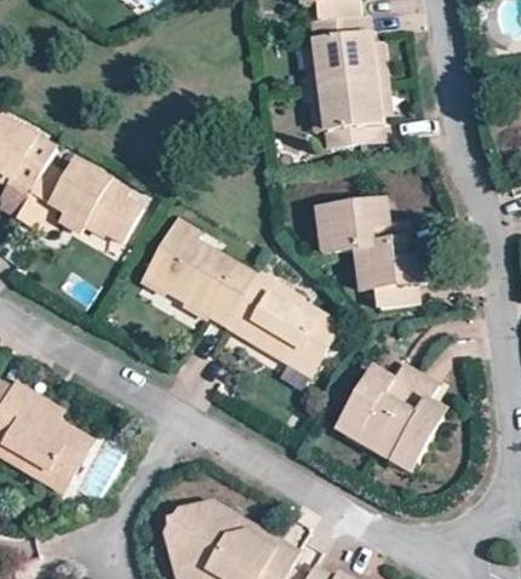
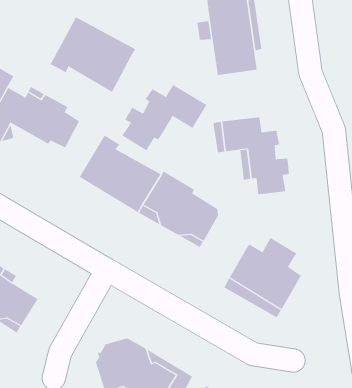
building: none -> [50,16,136,93]
building: none -> [122,84,207,151]

